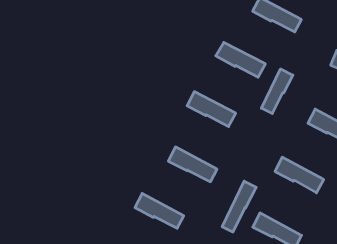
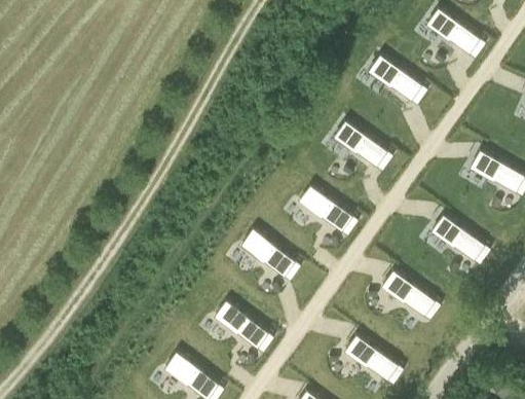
building: [261,69,293,114] -> none
building: [222,181,256,232] -> none

